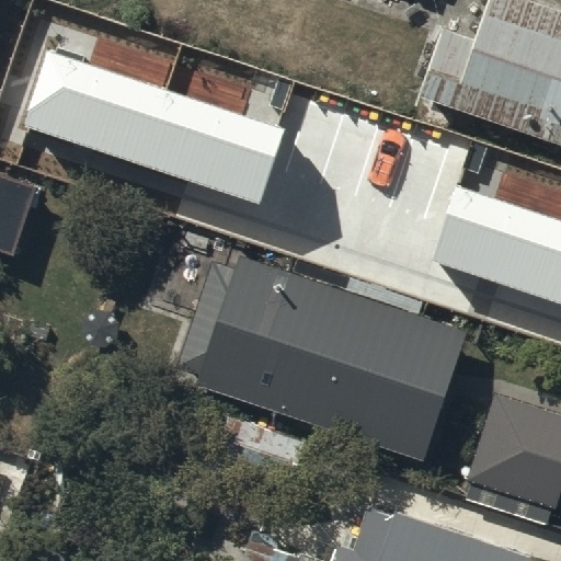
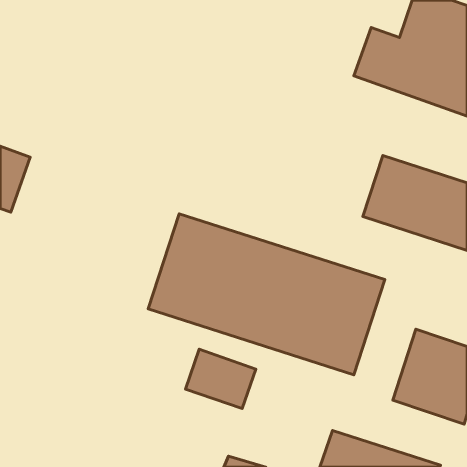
building: [26,53,285,203] -> none

